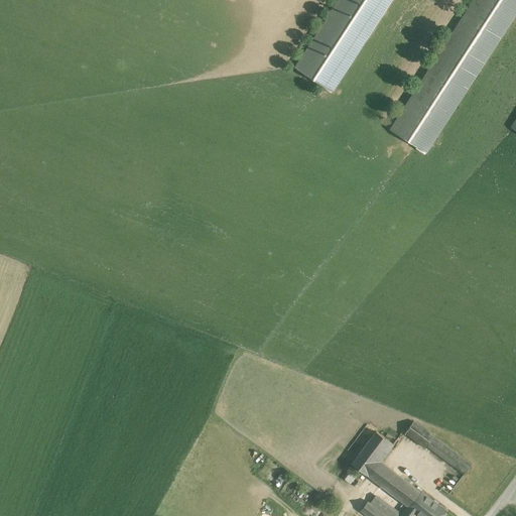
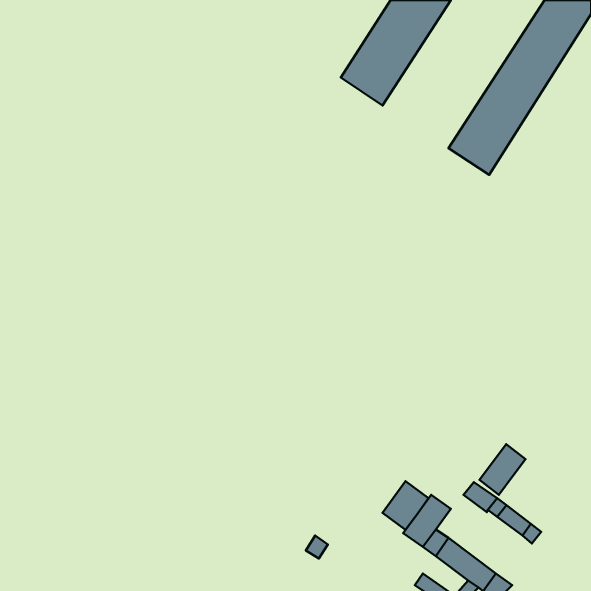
building: none -> [479,444,525,495]
building: none -> [382,481,429,530]

